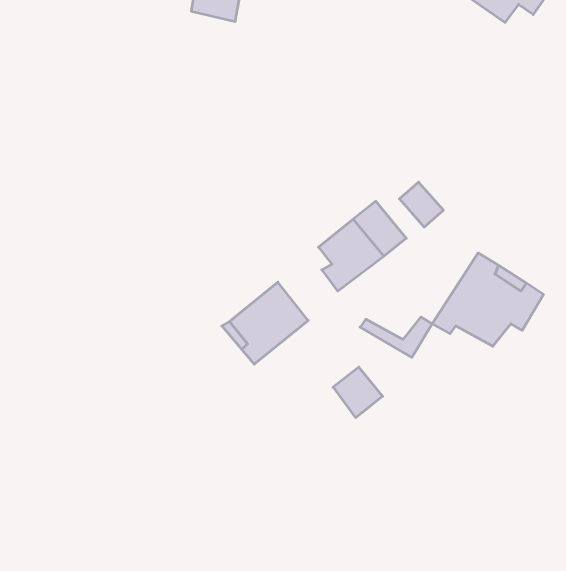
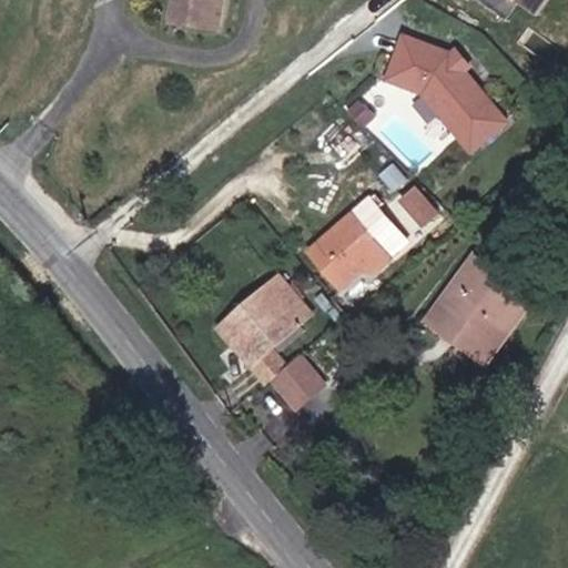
building: none -> [384,37,501,149]
building: [360,317,432,357] -> [444,320,515,359]
building: [333,367,383,418] -> [267,359,316,409]

